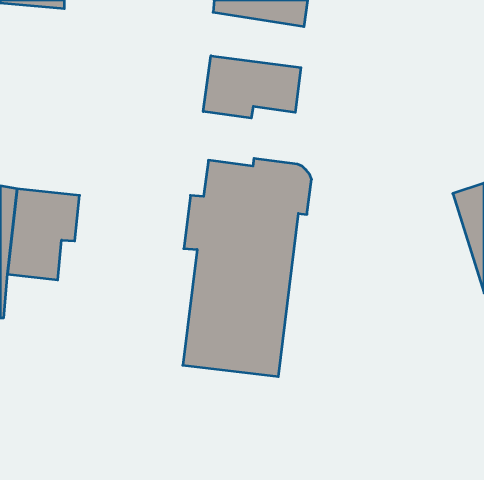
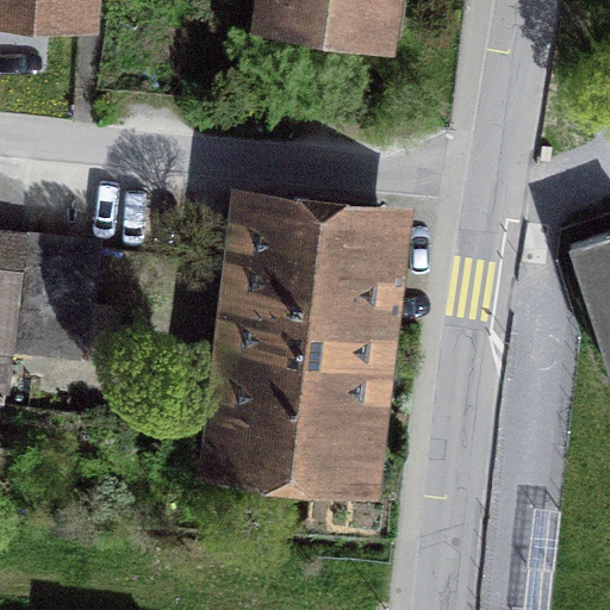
building: [203,56,301,118] -> none

